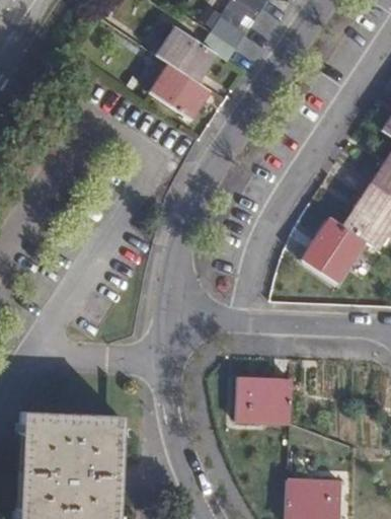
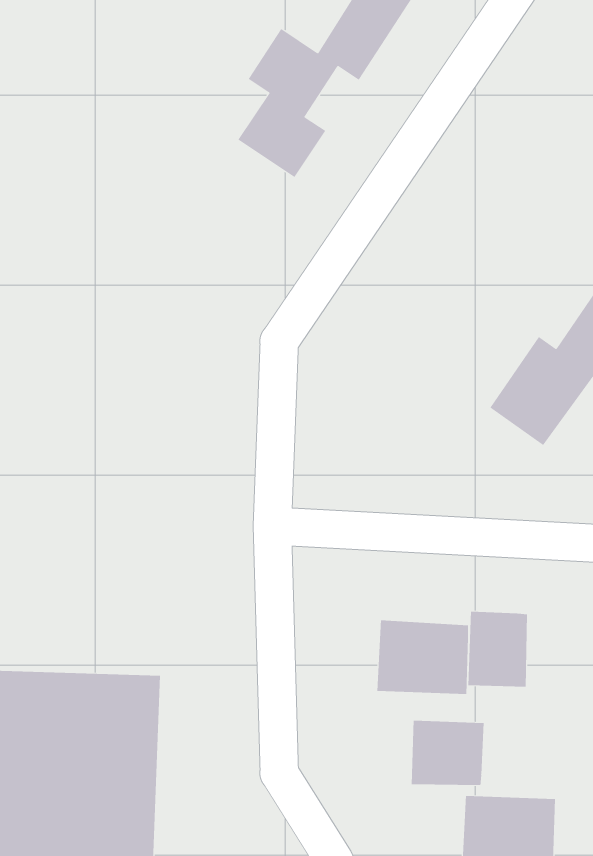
building: none -> [468,611,528,687]
building: none -> [411,720,484,786]

